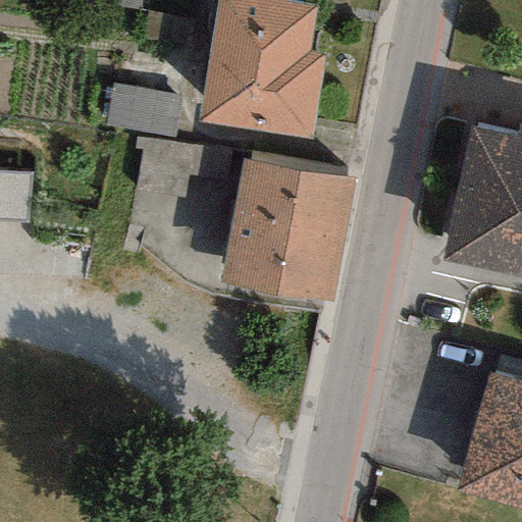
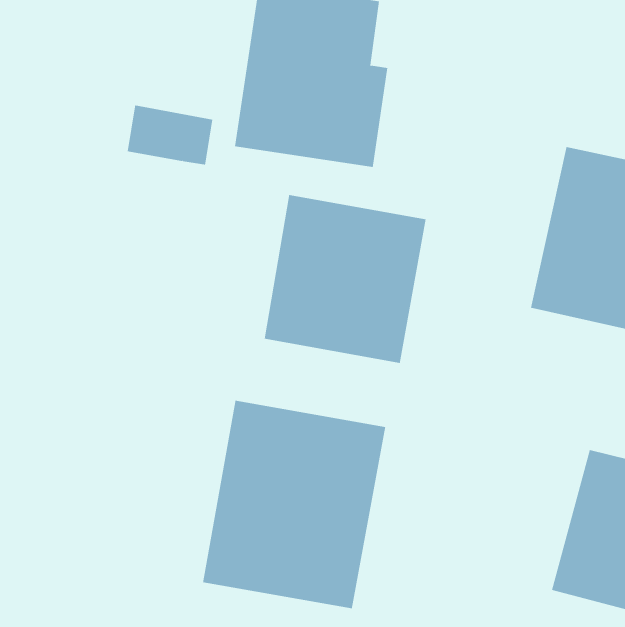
building: none -> [203,400,386,609]

